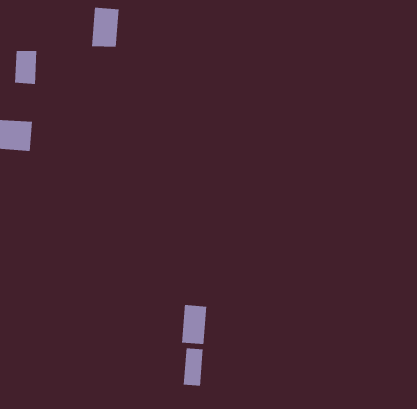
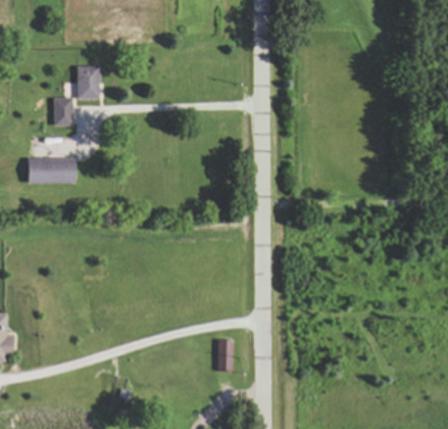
building: [91,7,119,47] -> [78,65,99,99]
building: [181,304,207,345] -> none

